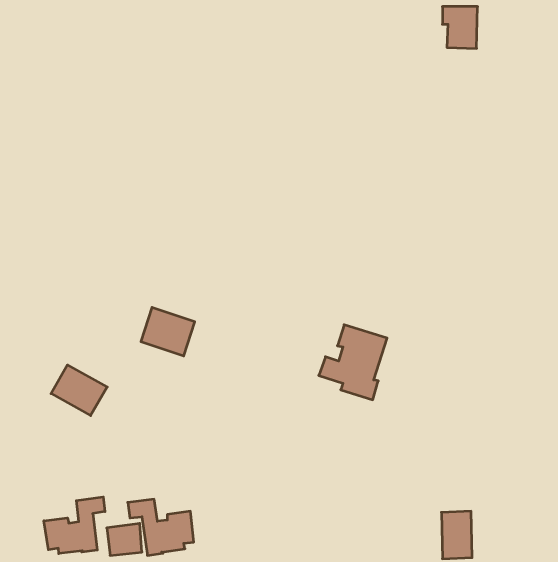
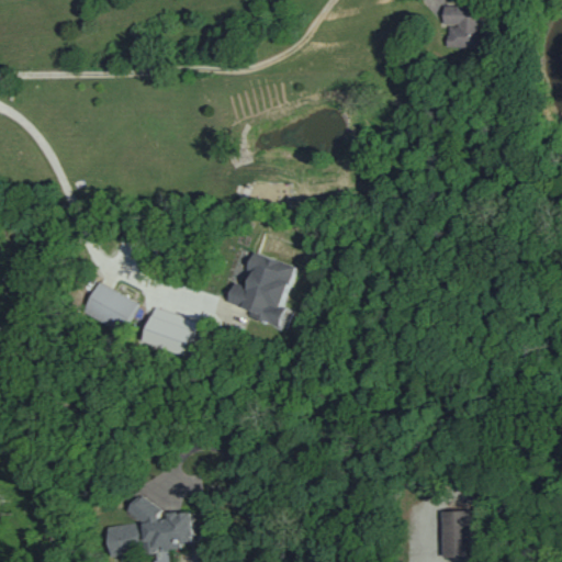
building: [319,325,387,400] -> [226,251,294,326]
building: [51,365,107,416] -> [80,282,136,333]
building: [44,497,105,554] -> none

